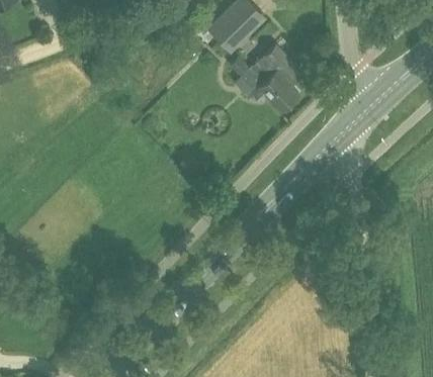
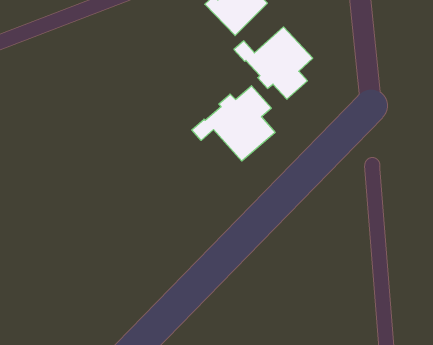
building: none -> [192,86,275,161]

